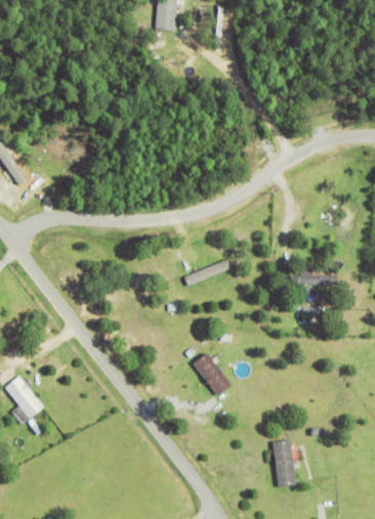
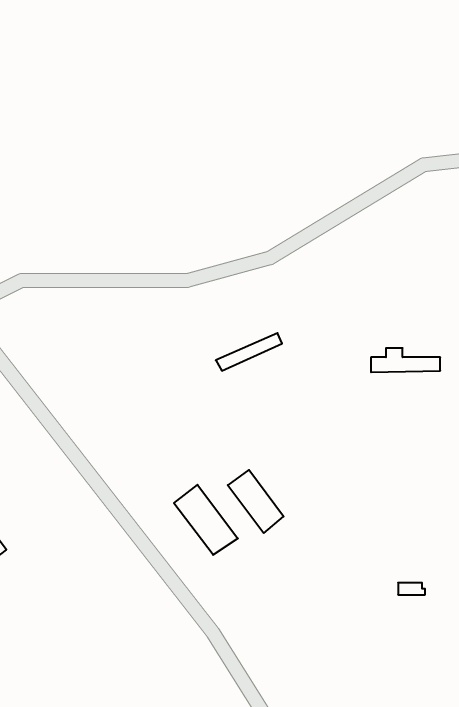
building: none -> [174,485,238,555]
building: [273,440,299,487] -> none

